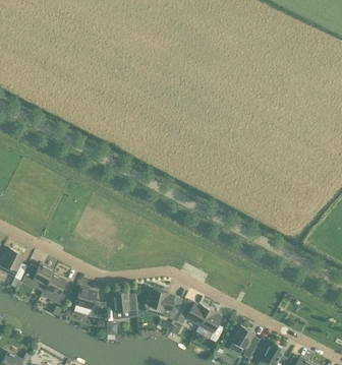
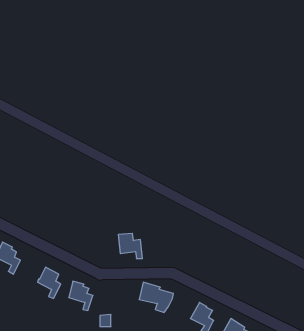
building: [22,263,54,286] -> none
building: [113,292,137,317] -> [118,233,142,259]
building: [176,303,208,325] -> none

